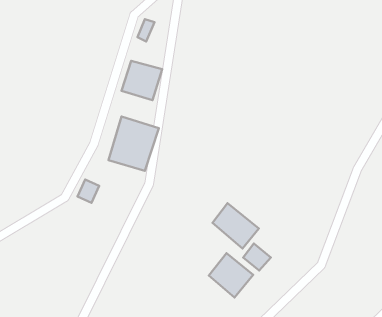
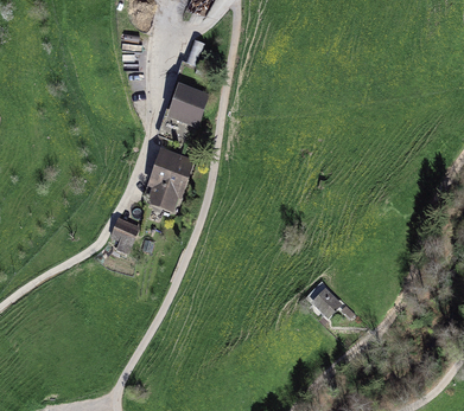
building: [212,203,259,248] -> none
building: [209,253,253,298] -> none

